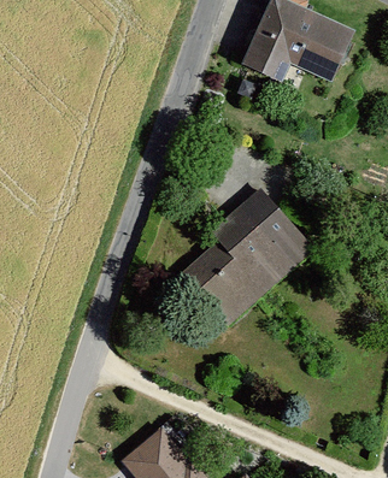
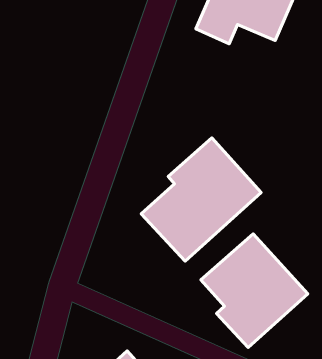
building: none -> [201,234,308,348]

